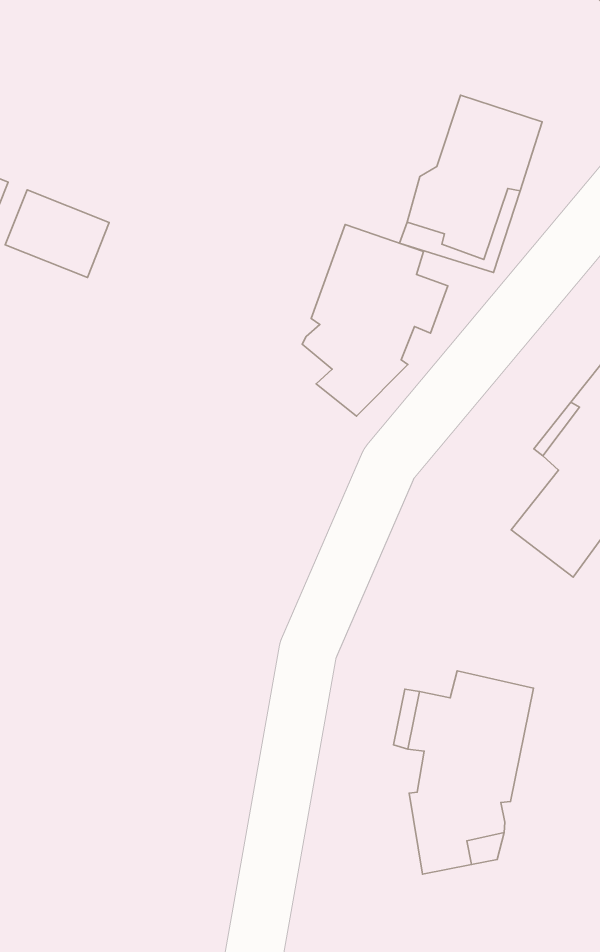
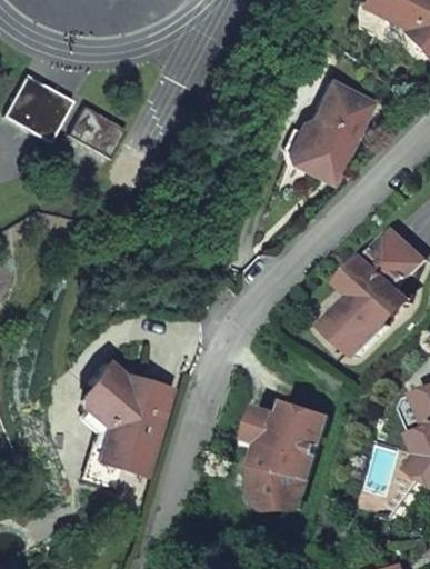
building: [302,225,448,416] -> none
building: none -> [78,359,166,475]

